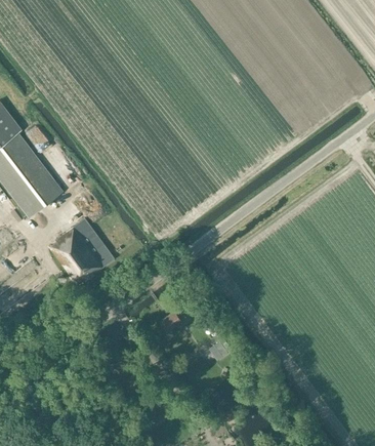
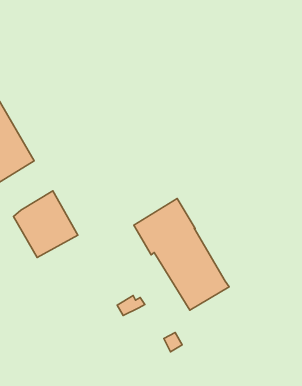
building: none -> [134,199,229,310]

